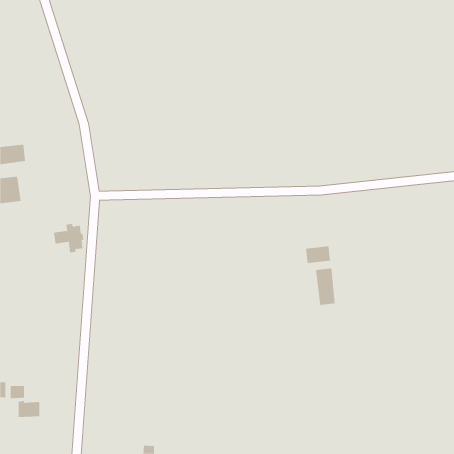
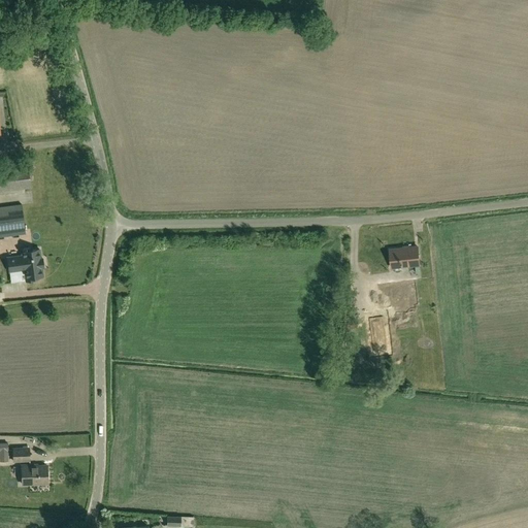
building: [53,224,84,253] -> [6,249,42,283]
building: [305,246,331,263] -> [389,248,419,268]

